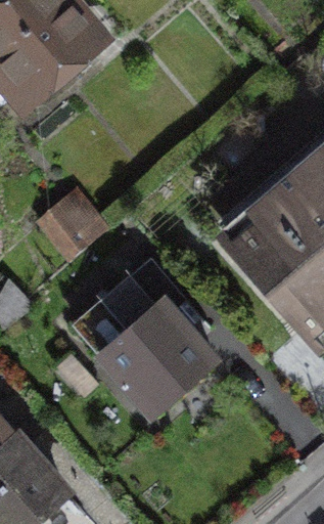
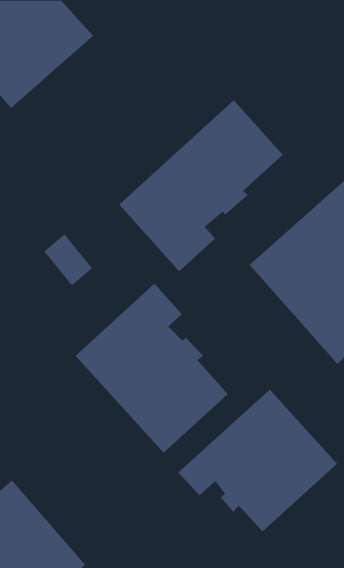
building: none -> [118,100,283,272]
building: none -> [177,389,338,532]

